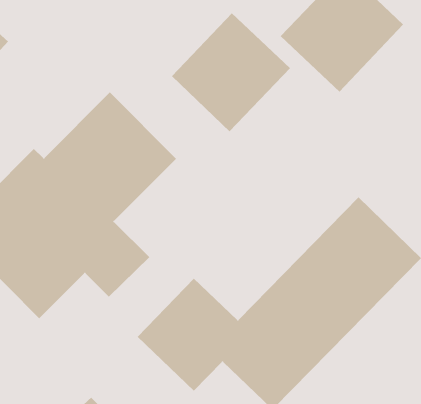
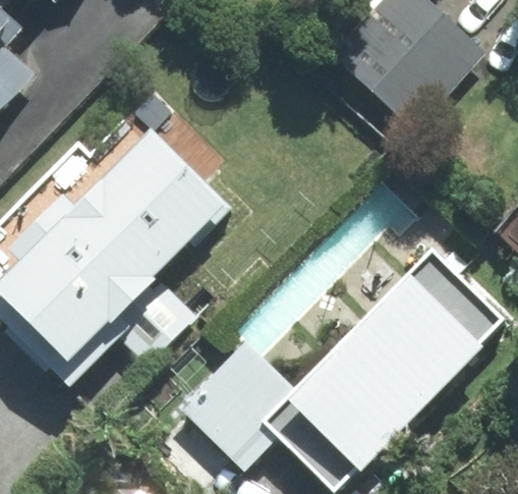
building: [171,12,291,132] -> none

